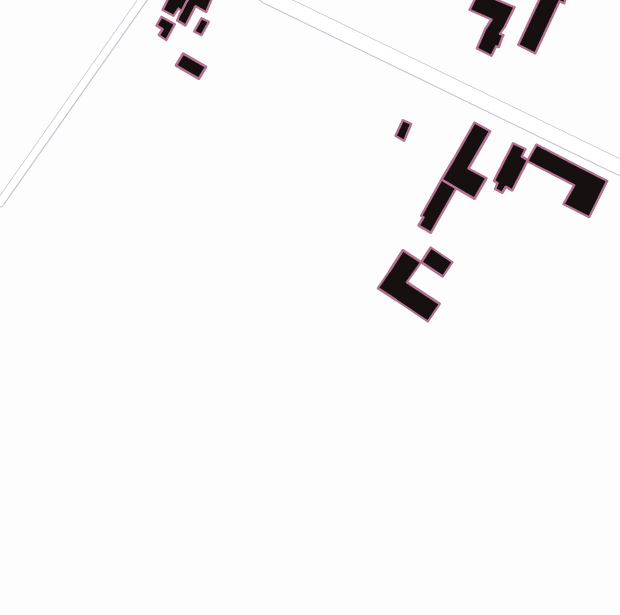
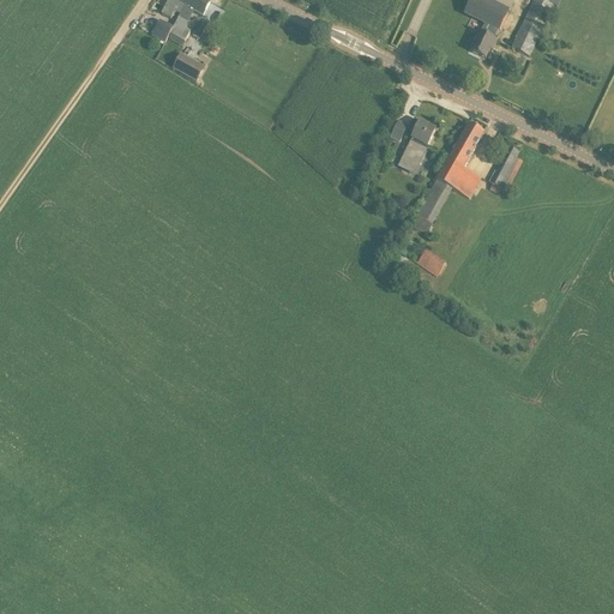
building: none -> [398,119,435,171]
building: [527,144,607,217] -> none
building: [378,250,440,321] -> none

